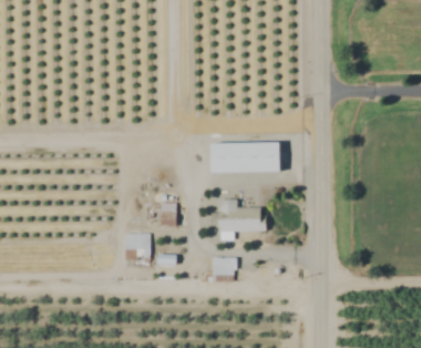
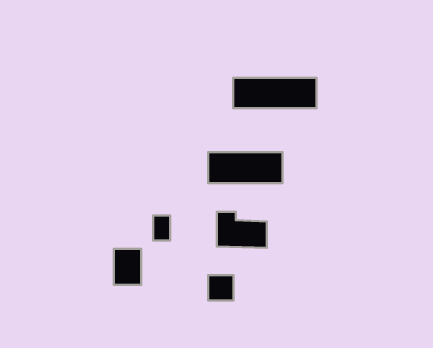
building: none -> [233,78,316,108]

